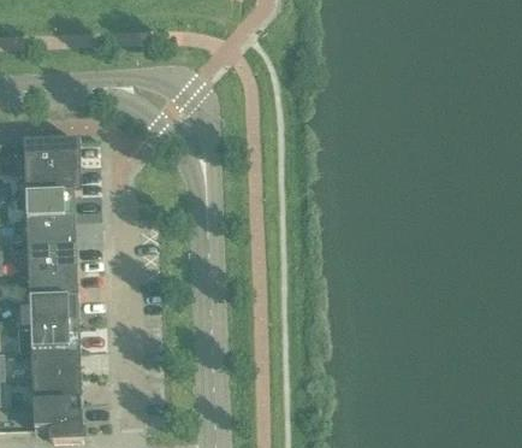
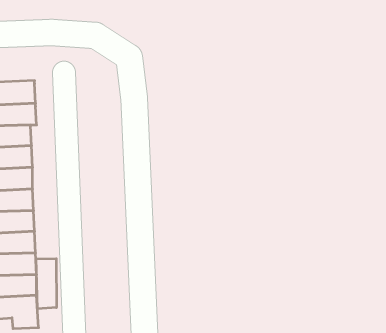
building: none -> [36,259,56,309]

